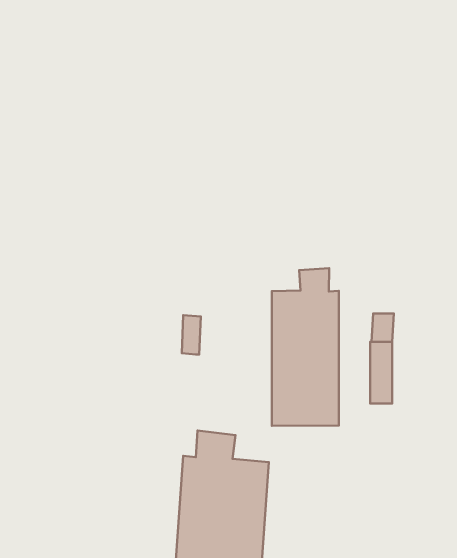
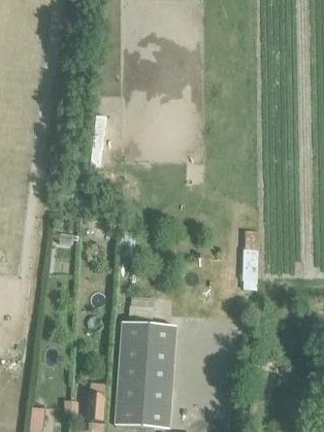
building: [272,268,339,426] -> none

